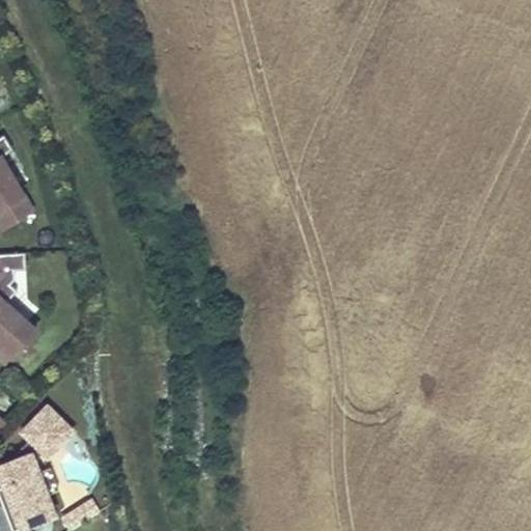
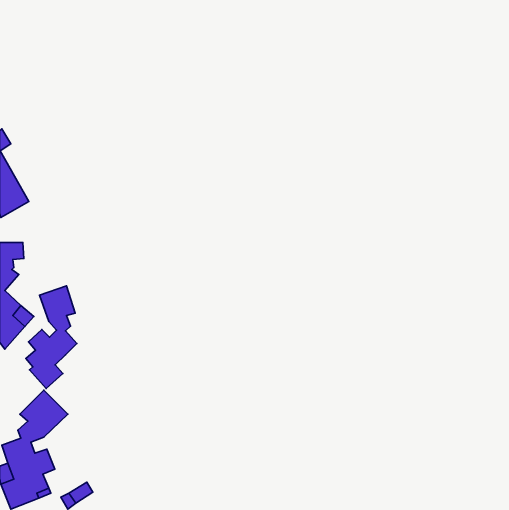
building: none -> [26,286,77,389]

